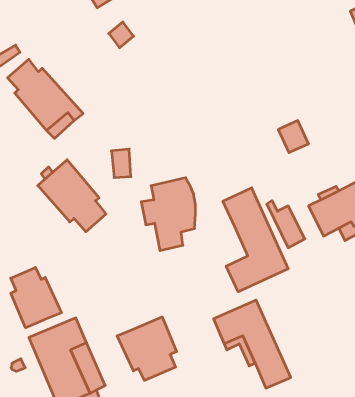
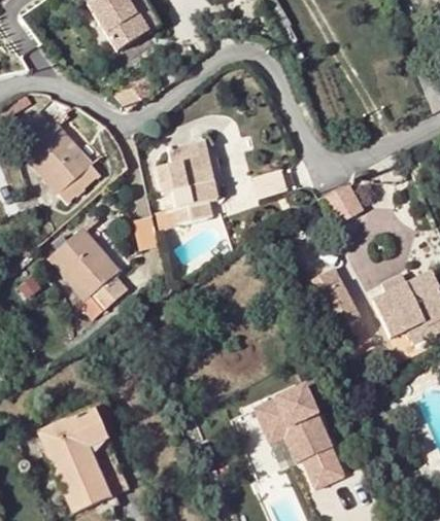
building: [141,178,195,251] -> [158,139,221,223]
building: [223,188,288,292] -> none
building: [11,267,61,328] -> none
building: [117,317,177,380] -> none

